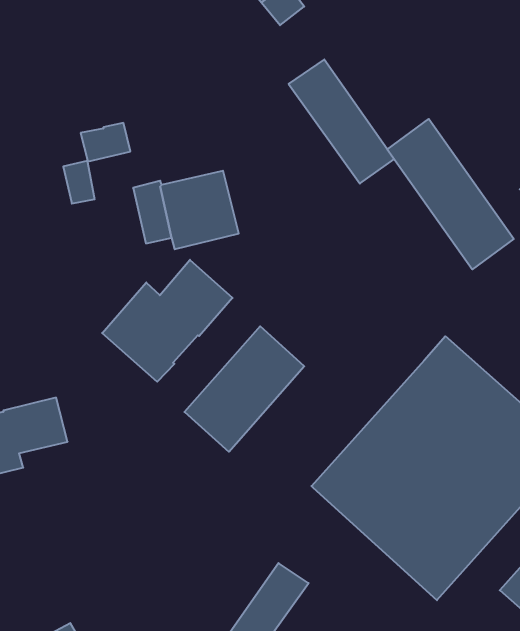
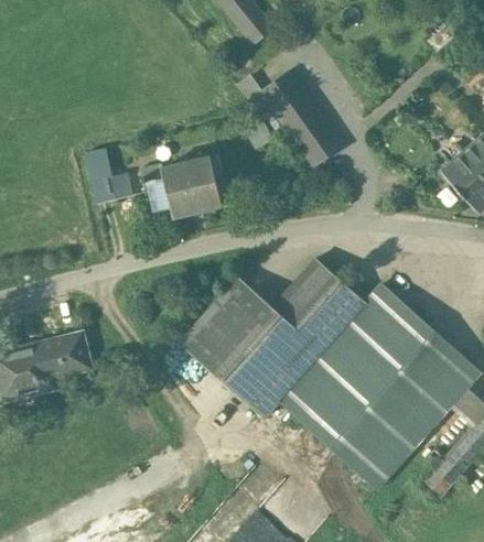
building: [387,119,514,269] -> none
building: [81,123,130,161] -> [94,175,132,205]
building: [102,260,233,382] -> none
building: none -> [215,260,366,419]

